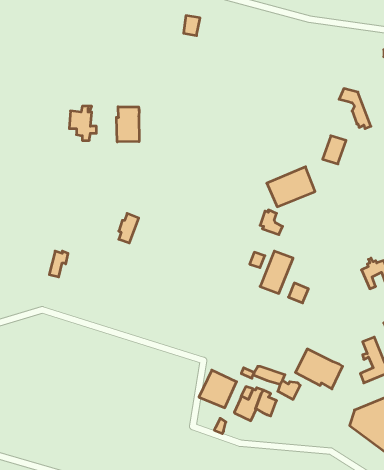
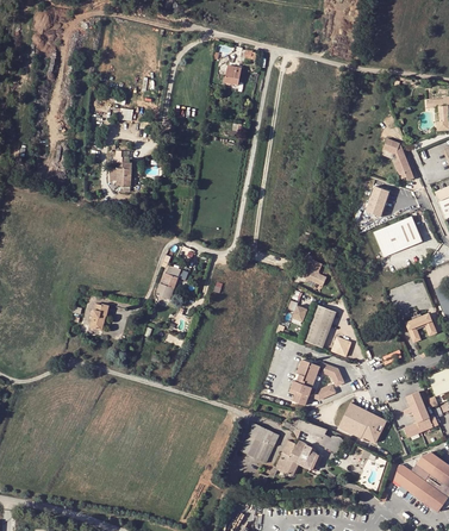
building: [116,107,139,142] -> none
building: [267,167,315,207] -> [373,215,422,256]
building: none -> [291,360,344,406]

